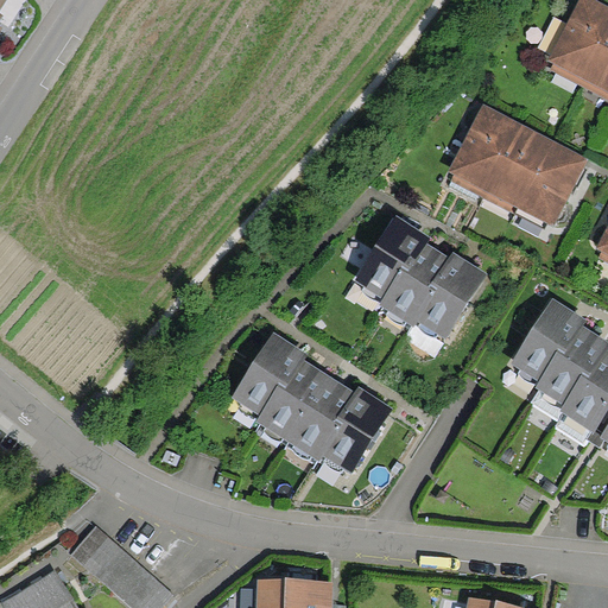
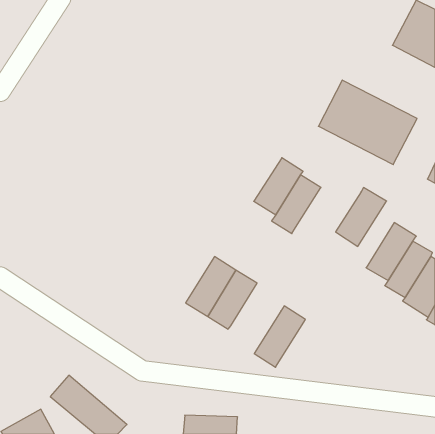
building: [412,255,483,337] -> [336,188,387,246]
building: [235,332,304,414] -> none
building: [322,387,393,473] -> [254,306,305,367]

